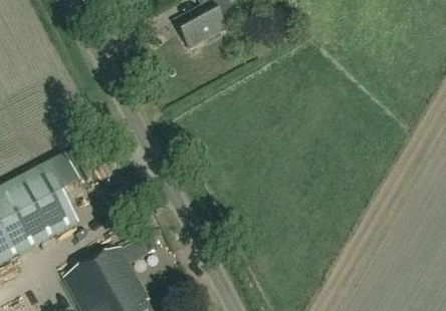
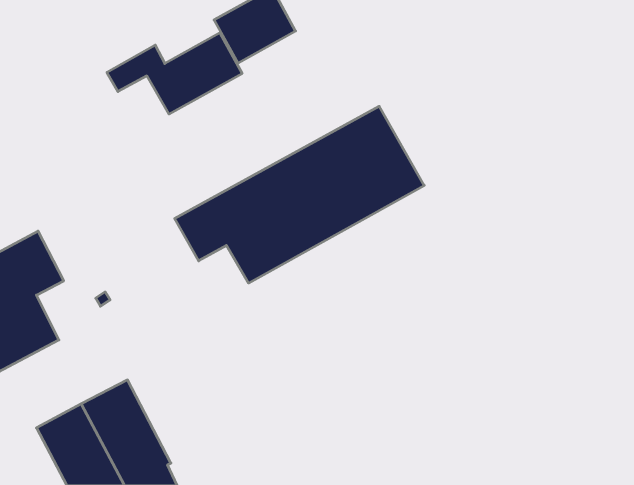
building: none -> [107,33,242,114]
building: none -> [175,106,424,283]

